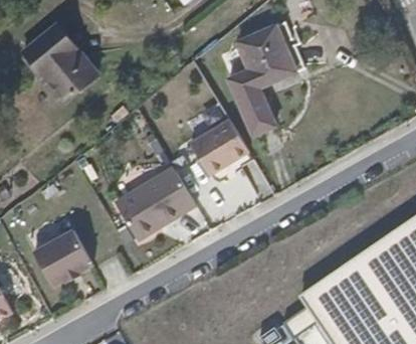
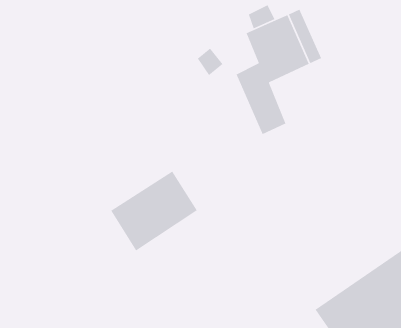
building: [24,25,97,102] -> none
building: [189,121,249,179] -> none
building: [31,228,91,288] -> none

